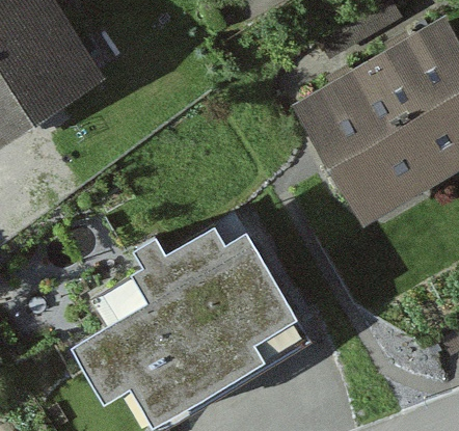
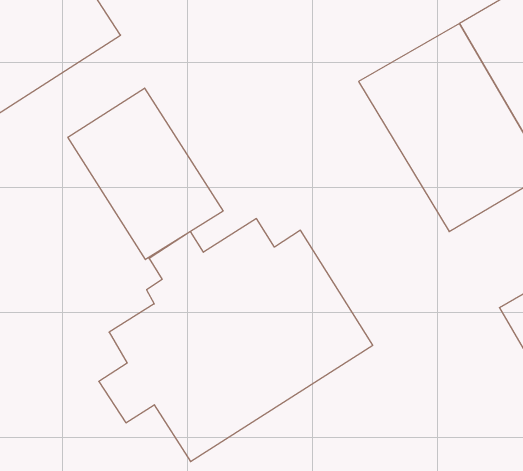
building: none -> [68,88,223,260]

